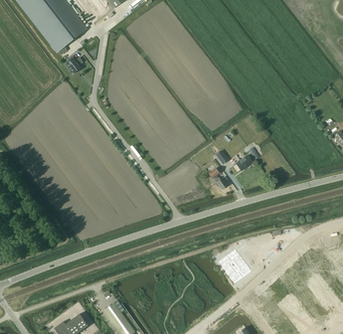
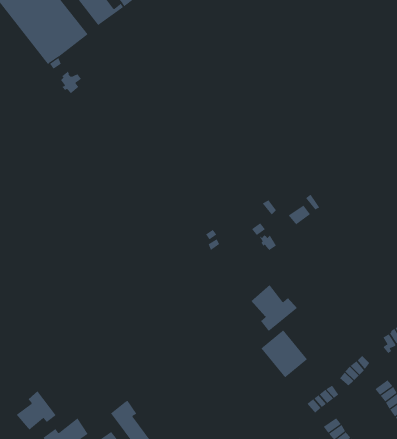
building: none -> [251,284,298,332]
building: none -> [16,391,57,430]

